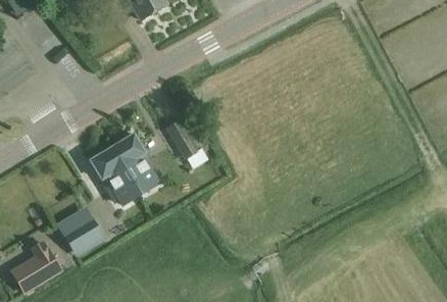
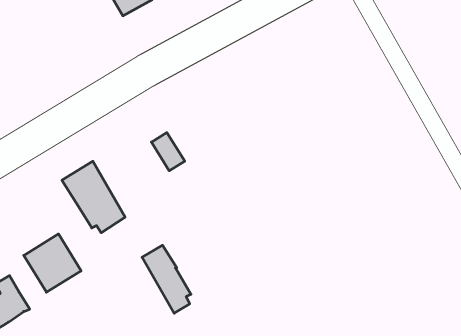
building: [115,134,157,192] -> [142,245,191,313]

